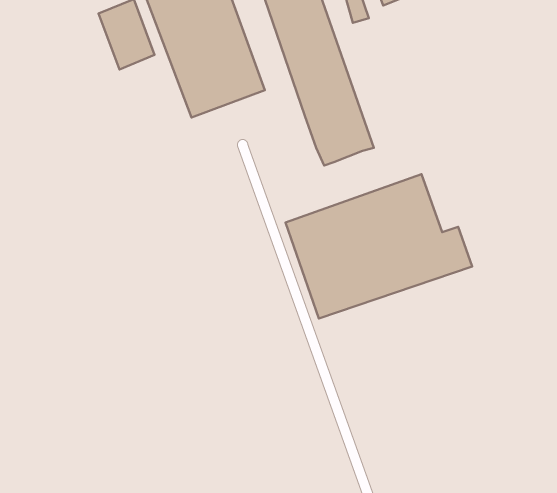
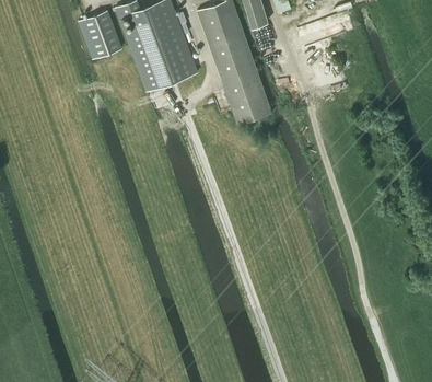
building: [285,174,472,319] -> none

